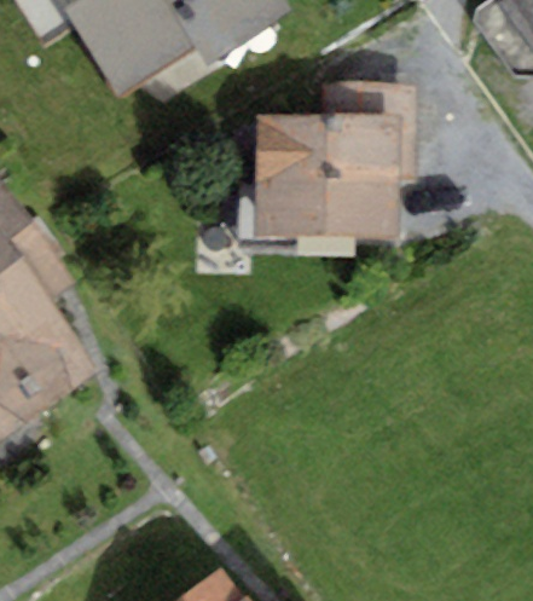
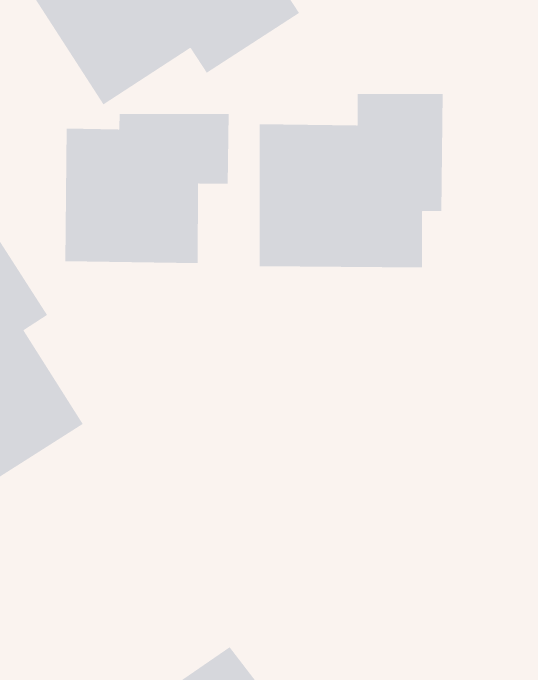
building: none -> [65,113,230,264]

